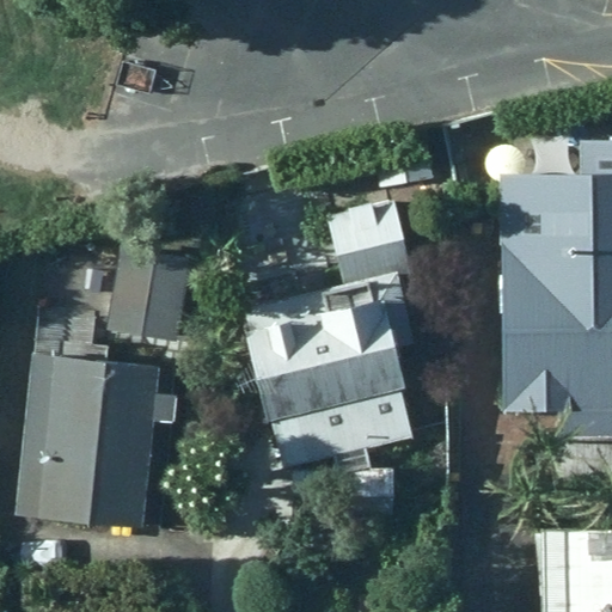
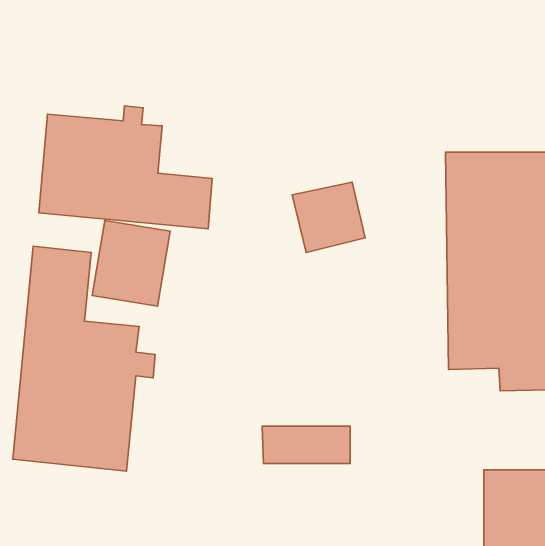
building: none -> [39,106,212,229]
building: [243,275,414,475] -> none

